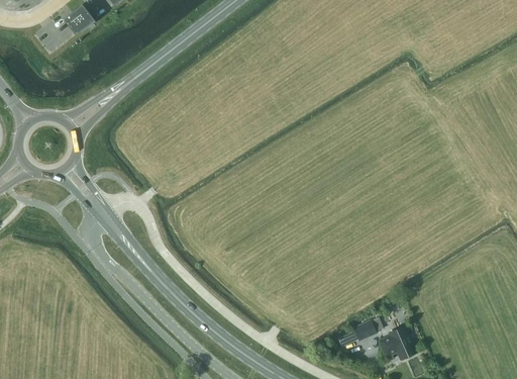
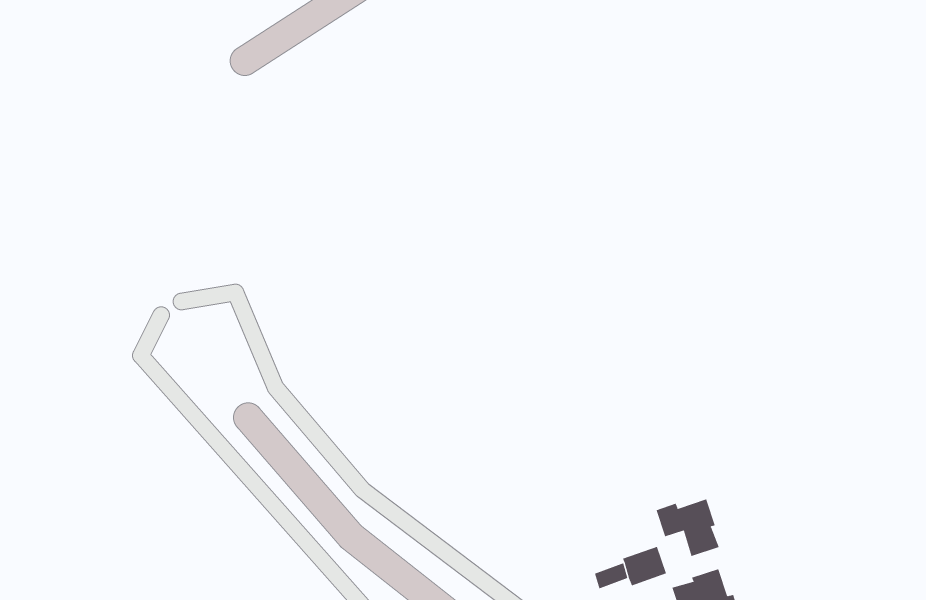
building: none -> [656,499,720,557]

